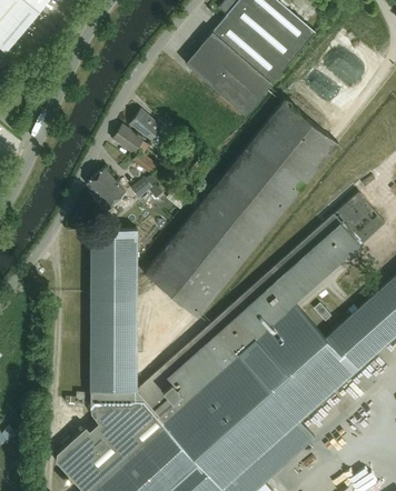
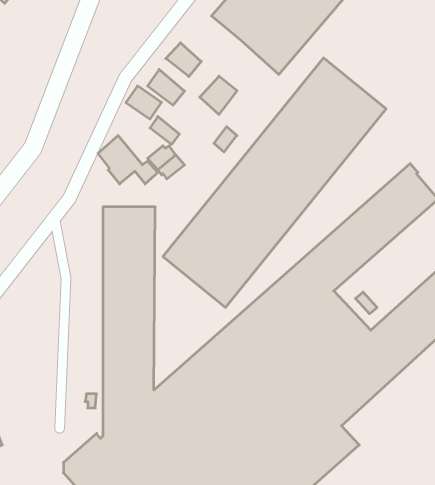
building: none -> [166,43,201,77]
building: none -> [200,76,237,114]

